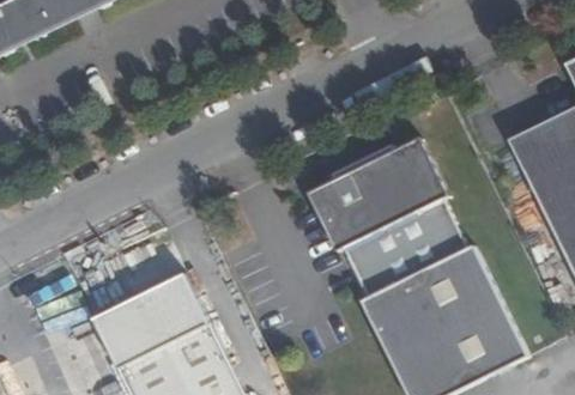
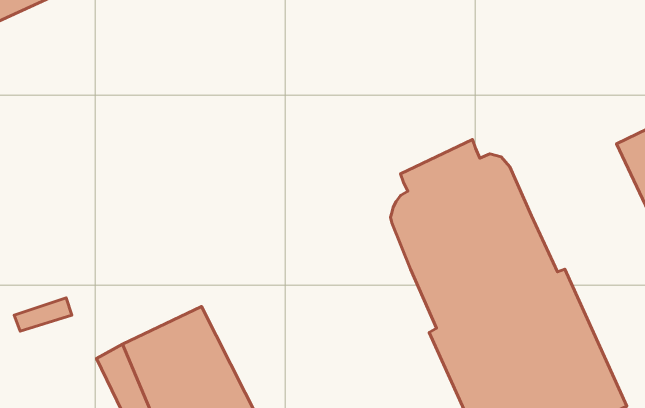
building: [307,171,352,251] -> none

